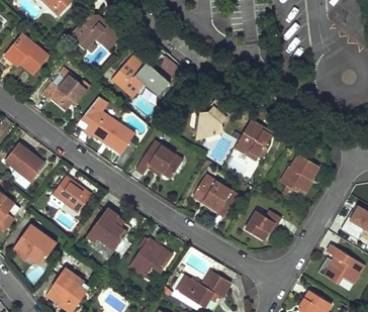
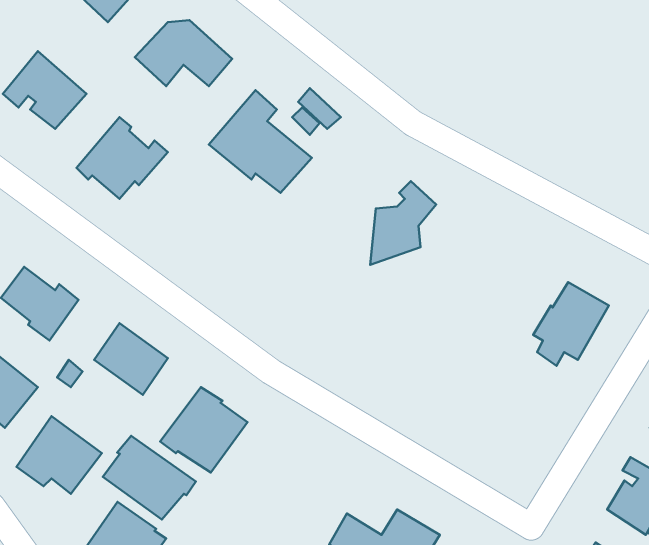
building: [82,97,133,154] -> none
building: [233,122,271,164] -> none
building: [133,142,182,180] -> none
building: [192,176,237,216] -> none
building: [244,212,279,242] -> none
building: none -> [103,436,196,519]
building: [128,238,173,278] -> none

